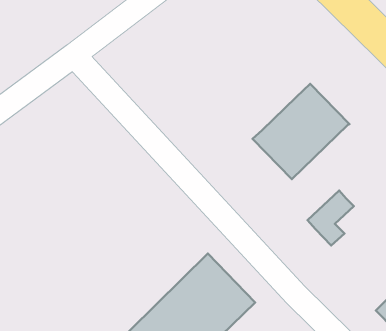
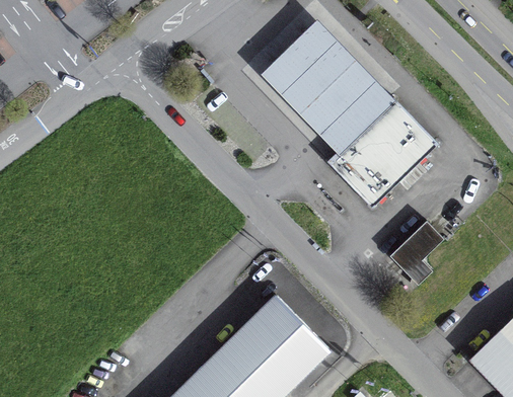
building: none -> [263,21,393,152]

